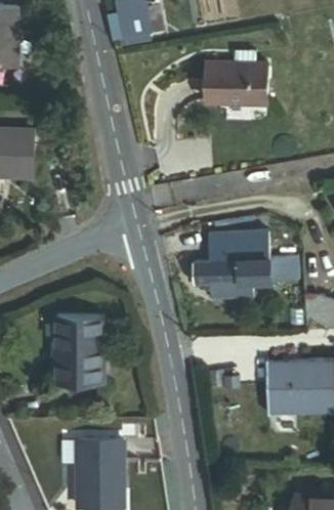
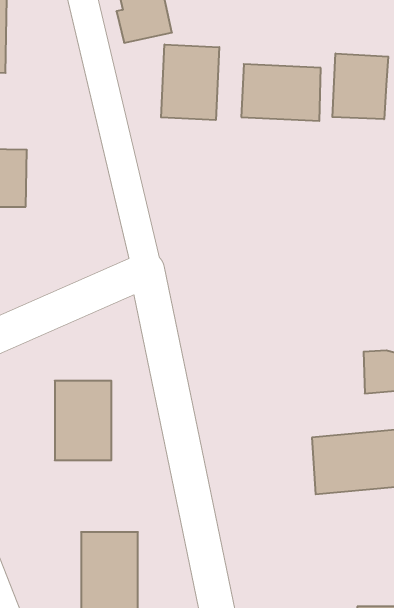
building: none -> [161,44,219,120]
building: none -> [332,53,388,119]
building: [182,226,299,298] -> none

